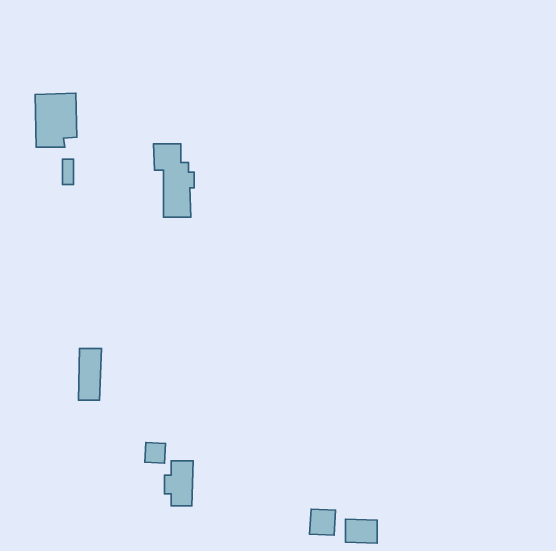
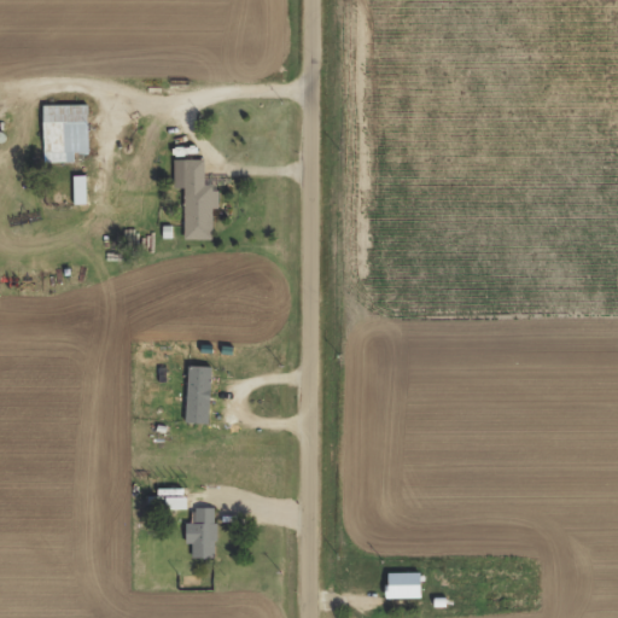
building: [79,349,102,400] -> [186,366,211,422]
building: [310,509,336,535] -> none

